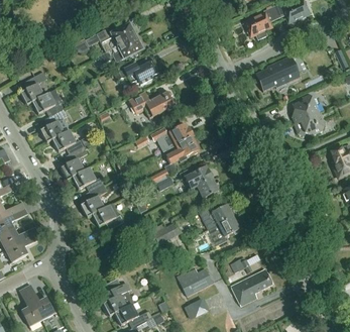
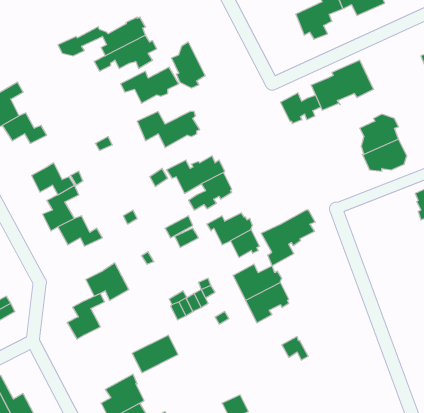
building: none -> [171,42,205,88]
building: none -> [281,93,321,124]
building: [40,109,69,141] -> none
building: none -> [261,210,315,266]
building: [80,184,107,217] -> [67,293,105,339]
building: [180,267,213,295] -> [132,335,178,373]
building: [230,267,272,305] -> none

